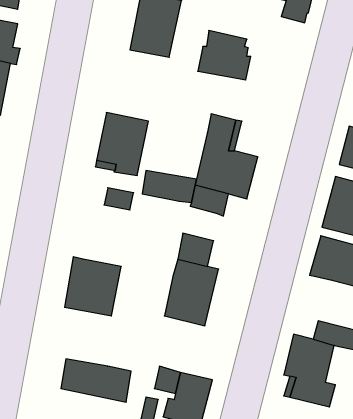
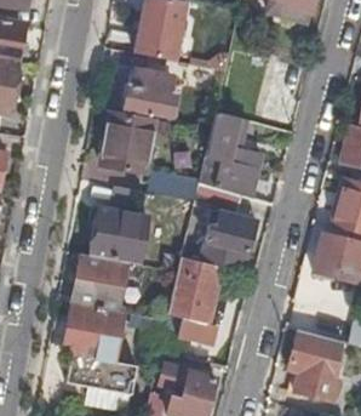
building: [198,31,251,80] -> [125,69,177,118]
building: none -> [90,207,148,264]
building: none -> [211,211,254,270]
building: none -> [62,303,124,361]

